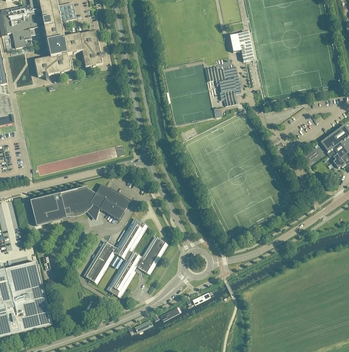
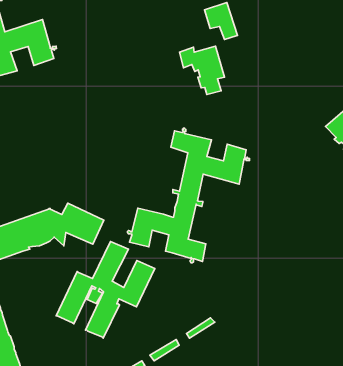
building: none -> [127,128,249,263]

